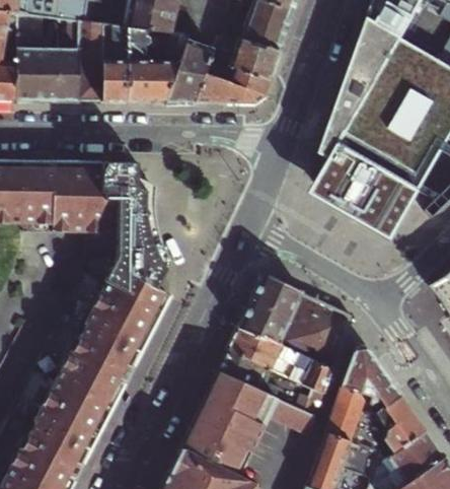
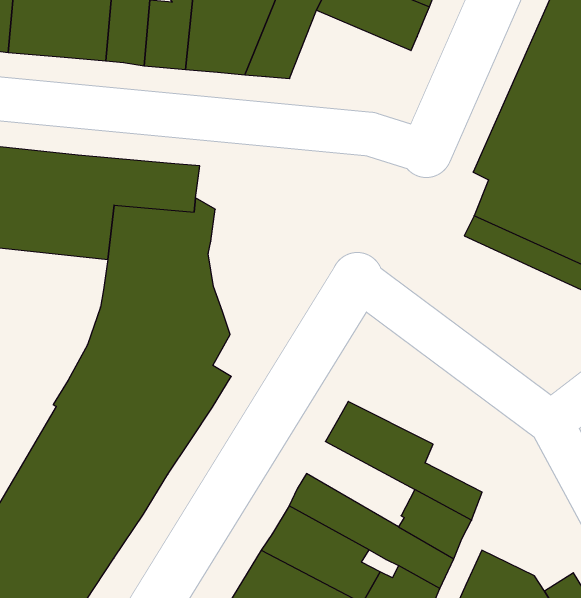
building: [195,58,270,103] -> none
building: [249,276,352,352] -> none
building: [227,329,296,378] -> none
building: [342,349,400,411] -> none

